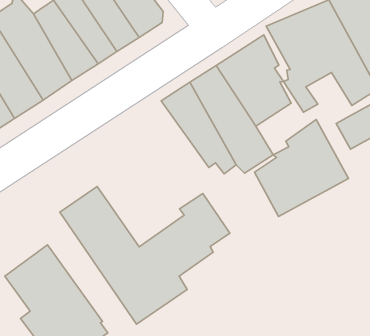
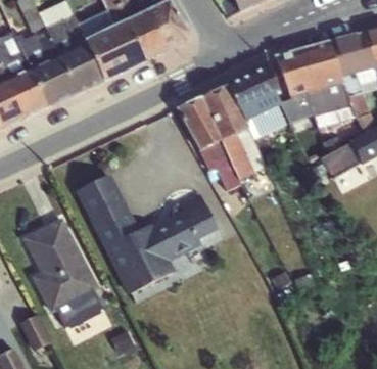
building: [255,119,349,216] -> none

